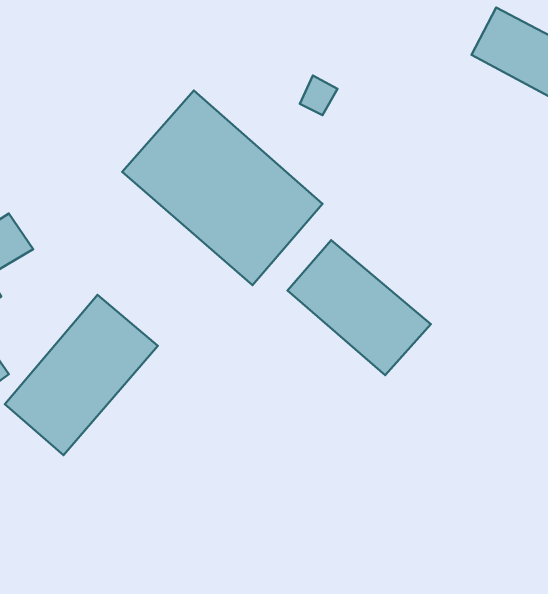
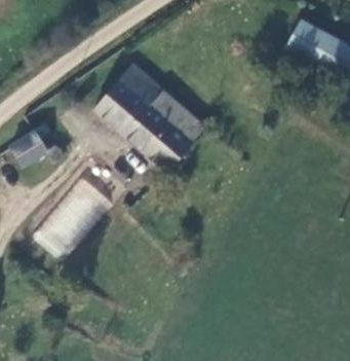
building: [287,240,431,375] -> none

